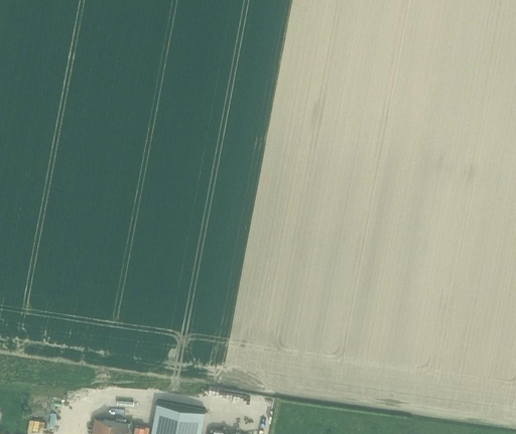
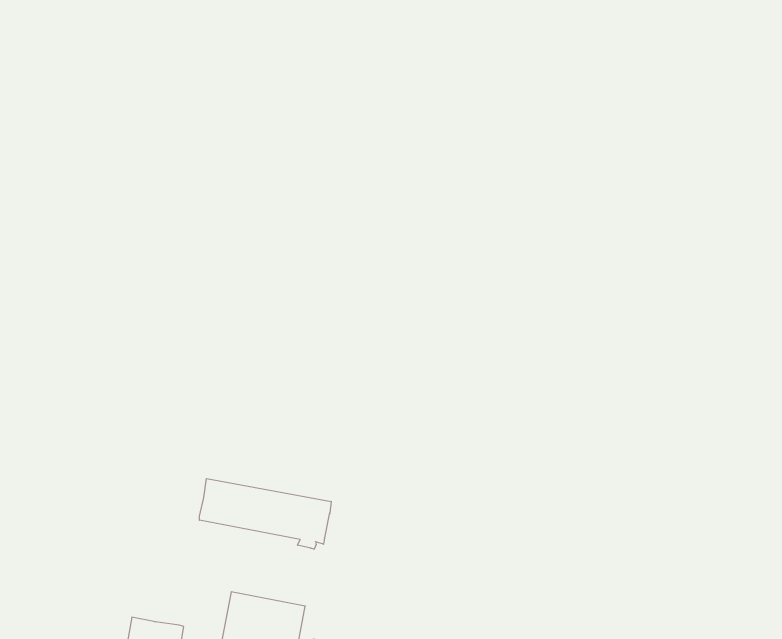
building: none -> [199,479,331,549]

